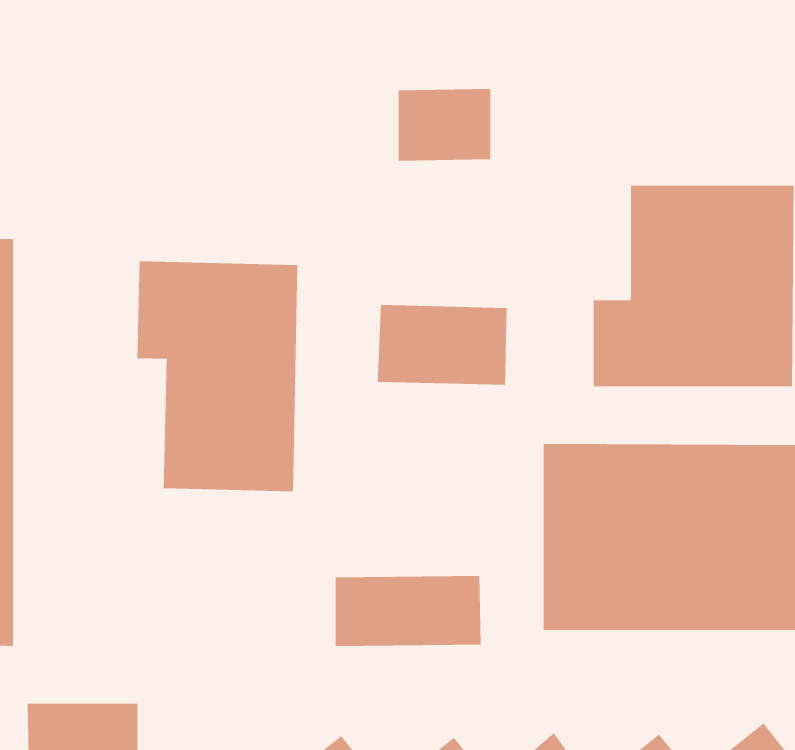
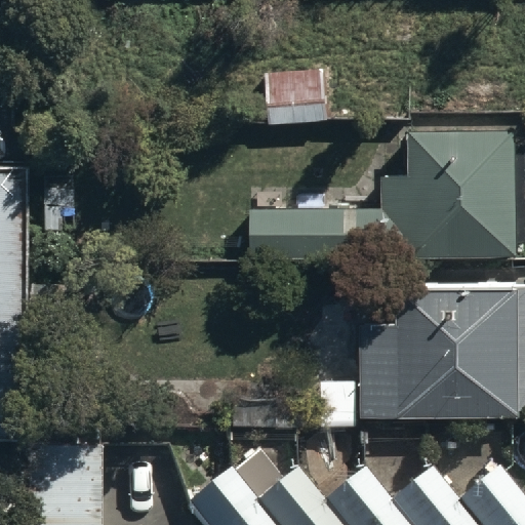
building: [137,260,298,492] -> none

